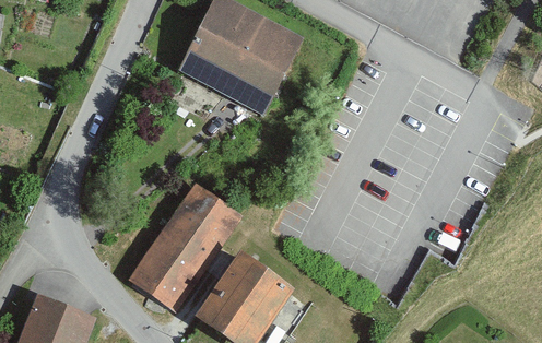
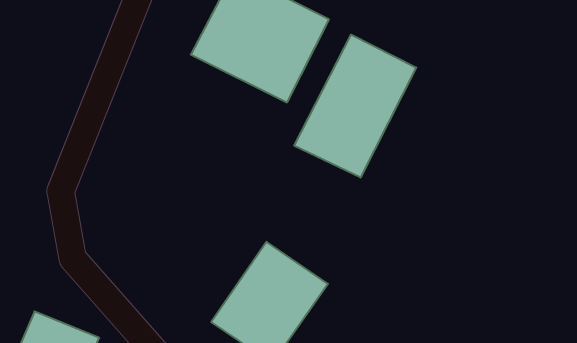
building: none -> [294,35,416,178]
building: [120,174,241,309] -> none

